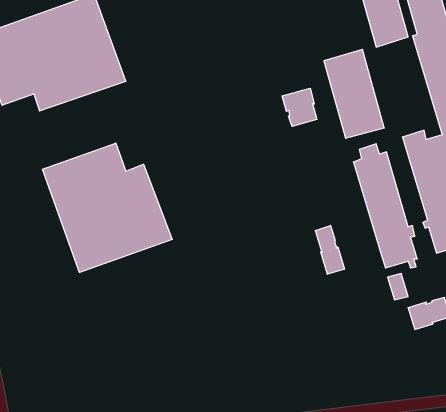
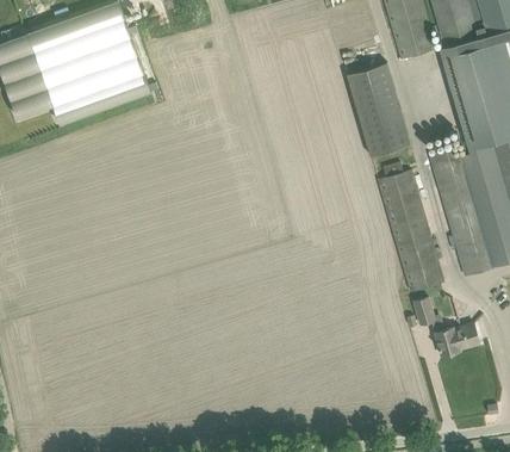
building: [282,88,317,126] -> none
building: [42,143,172,272] -> none
building: [315,225,344,274] -> none

